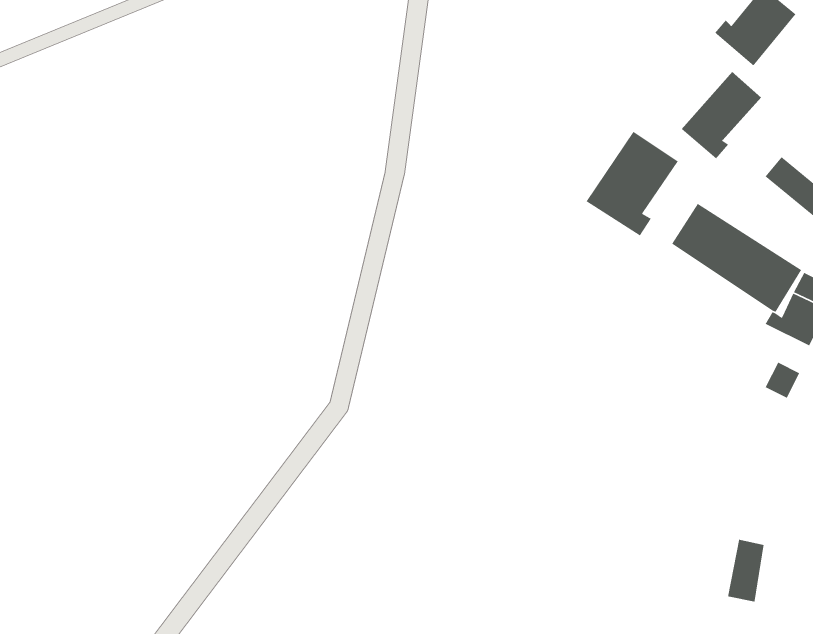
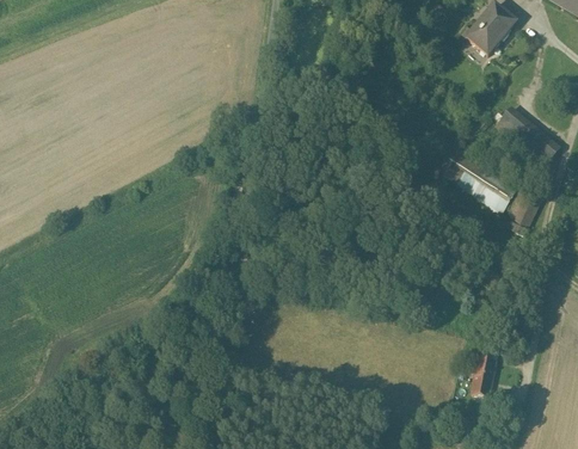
building: [681,71,762,159] -> none
building: [586,131,679,237] -> none

